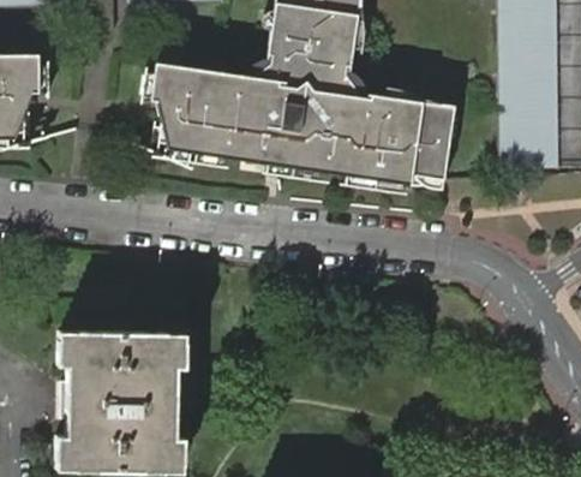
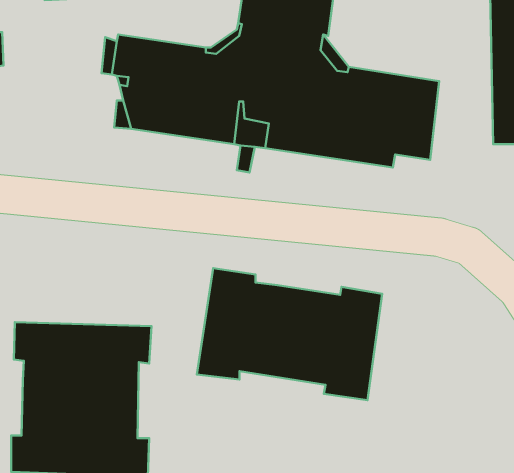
building: none -> [197,268,382,400]

